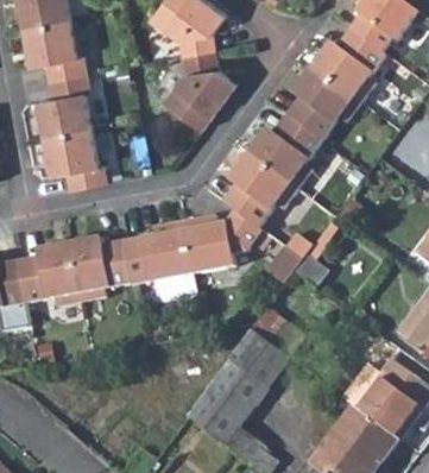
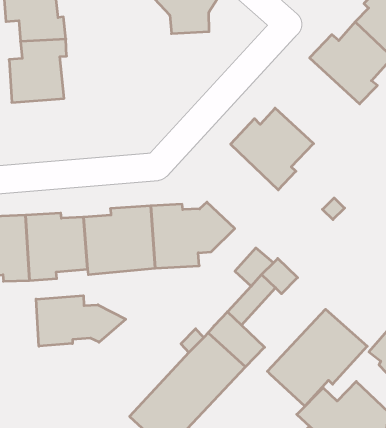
building: [164,52,238,130] -> none
building: [285,65,362,144] -> none
building: [43,130,107,191] -> none
building: [221,153,297,231] -> none
building: none -> [267,309,367,406]
building: none -> [36,296,126,346]

